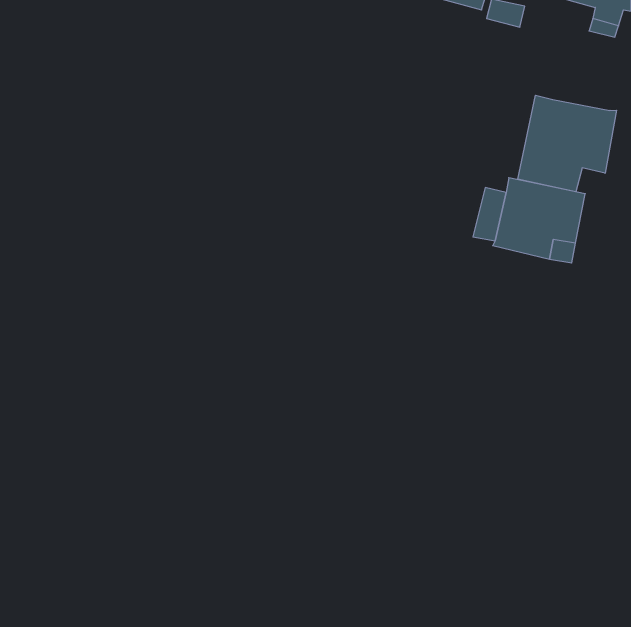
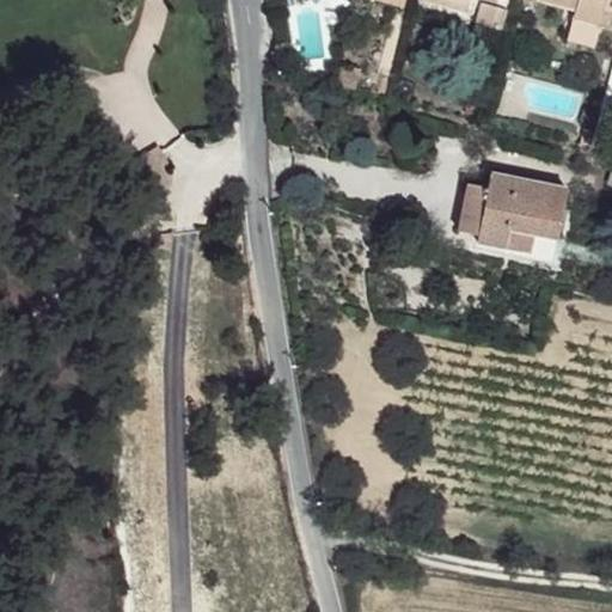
building: [518,95,616,192] -> none

